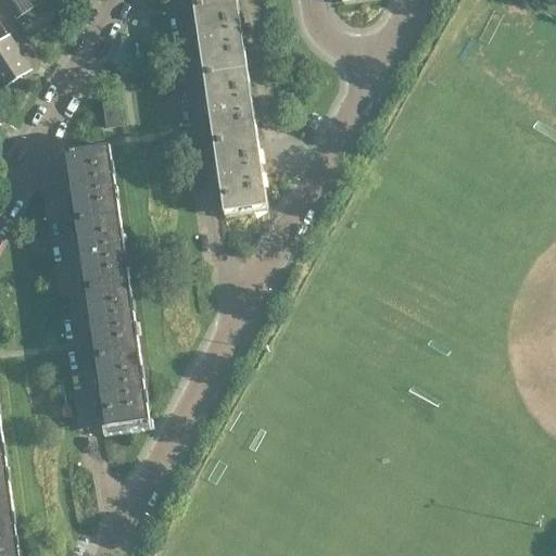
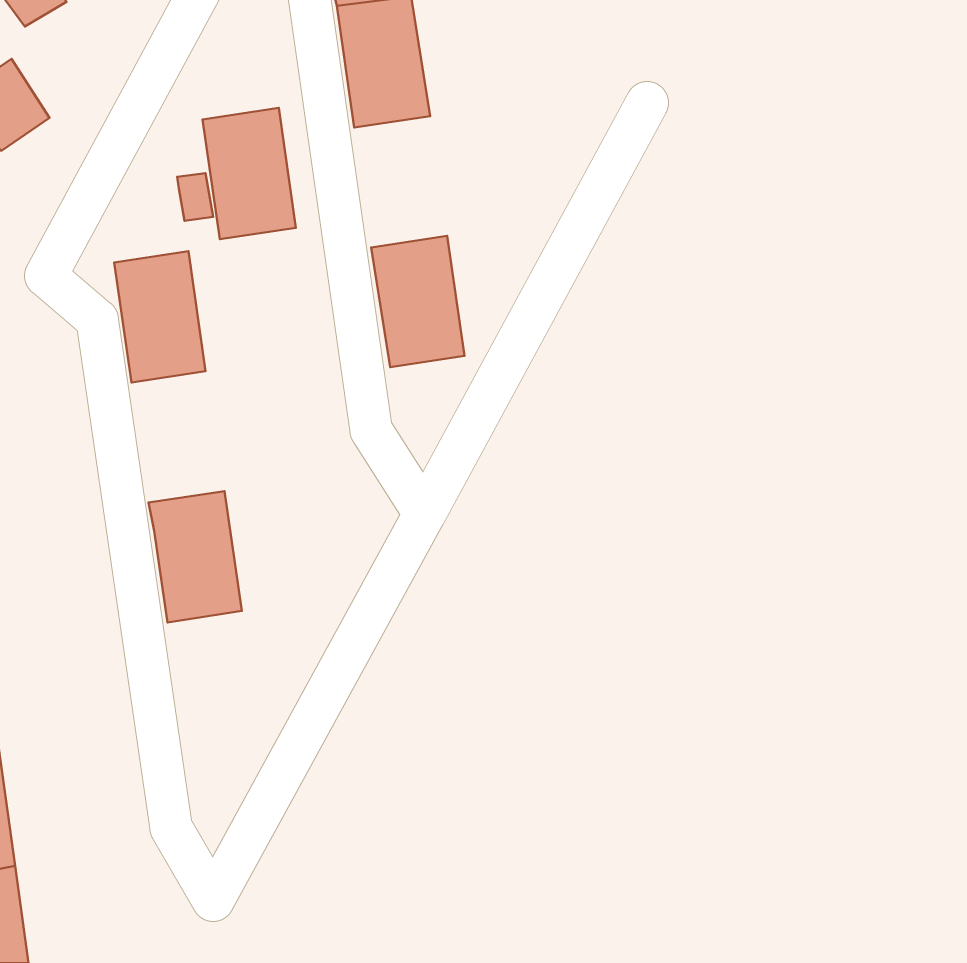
building: [202,66,255,141] -> [203,108,296,239]
building: [75,212,128,287] -> none
building: [96,349,148,425] -> none

